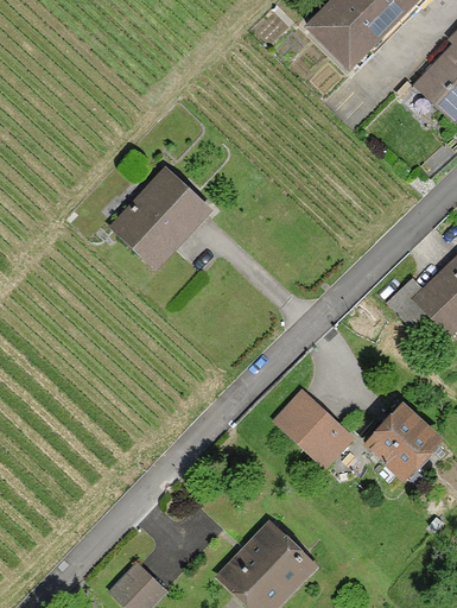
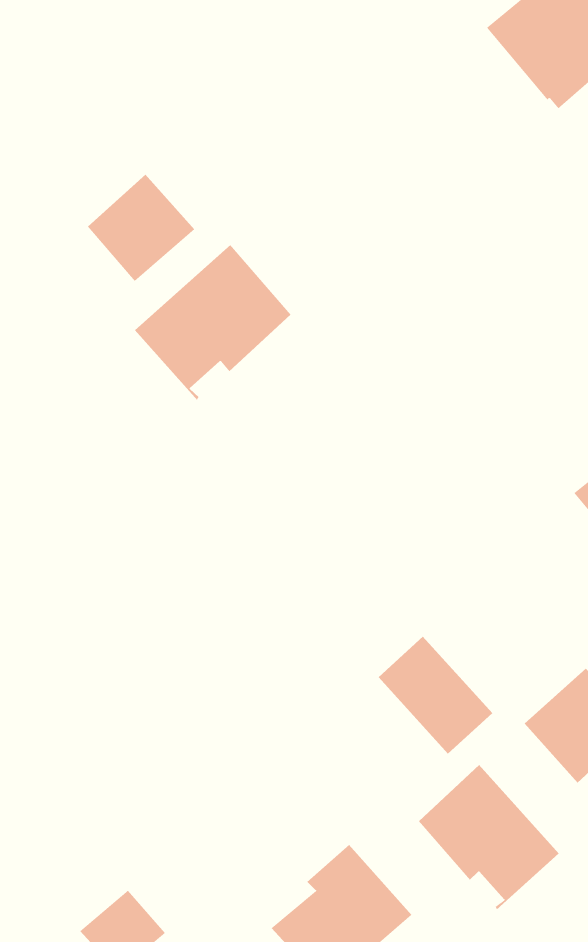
building: none -> [87,174,195,282]
building: none -> [418,764,559,910]

